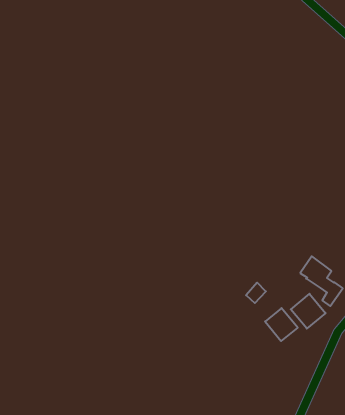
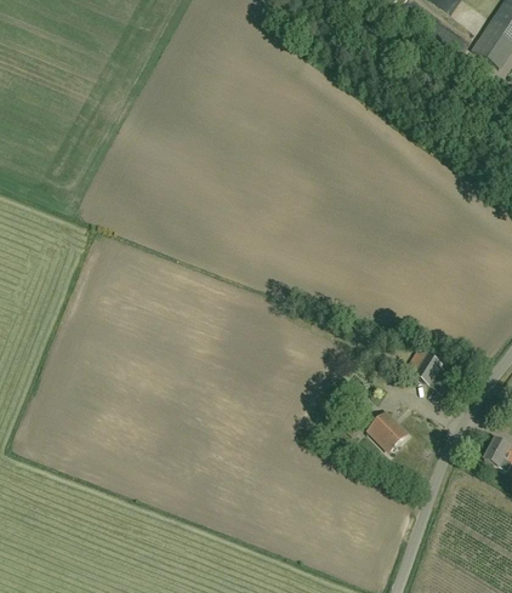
building: [291,294,326,329] -> none

